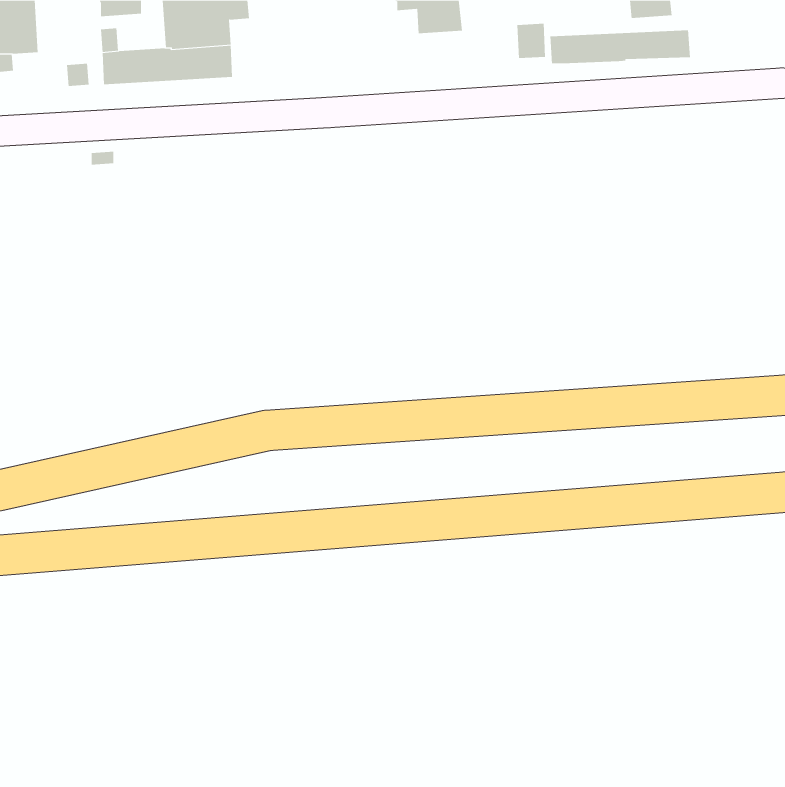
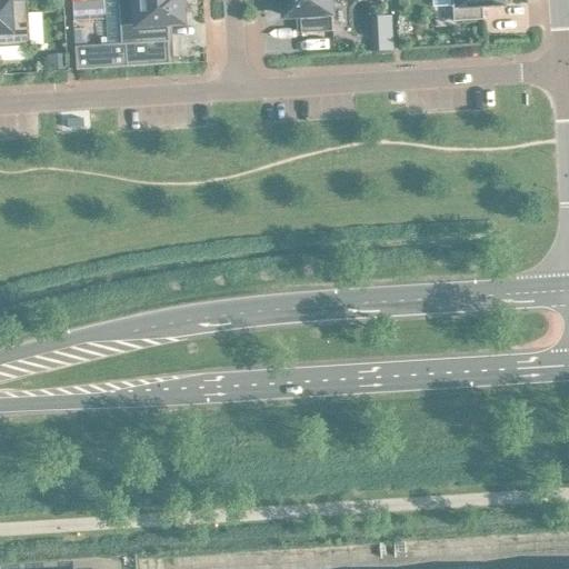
building: [550,30,690,64] -> none

